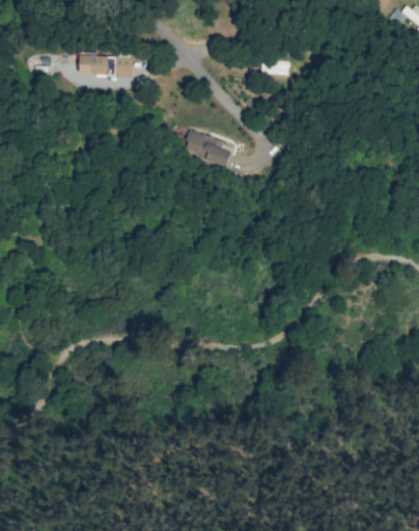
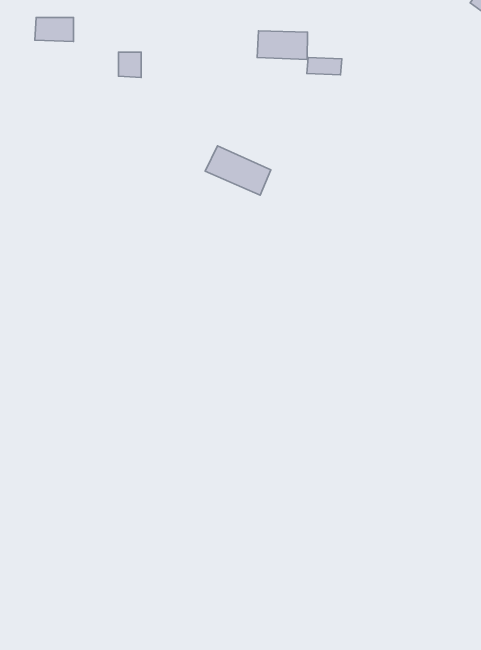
building: none -> [257,31,308,59]
building: [79,55,109,74] -> [35,17,73,42]

